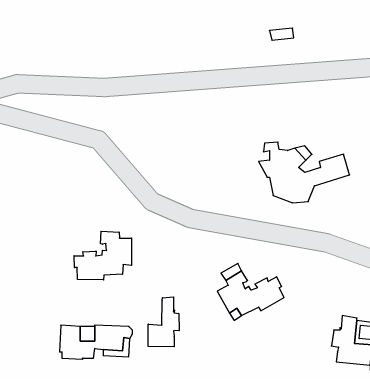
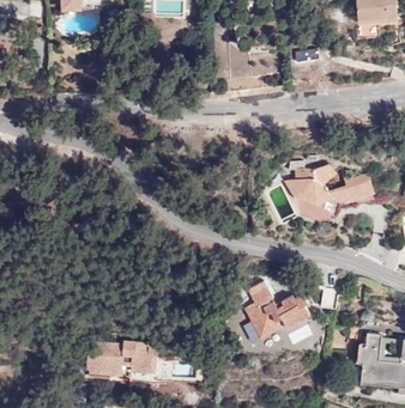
building: [74,231,132,280] -> none
building: [148,297,179,347] -> none

